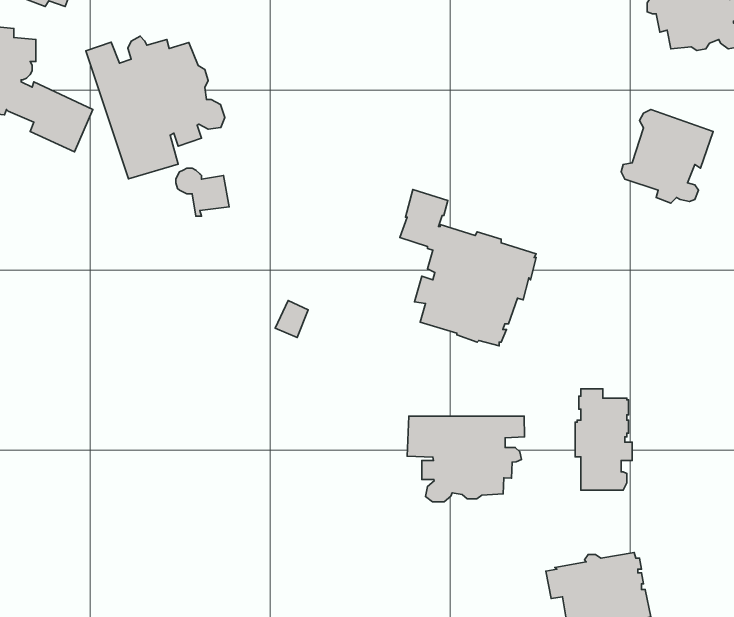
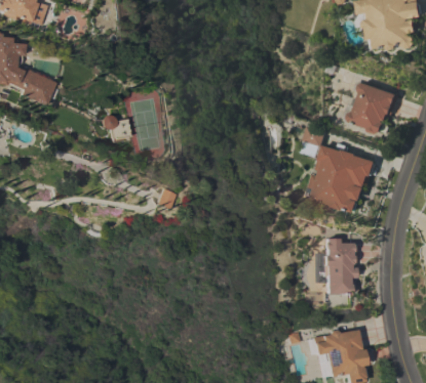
building: [86,36,225,179] -> none
building: [400,190,536,346] -> [300,125,376,212]
building: [407,416,524,502] -> none

